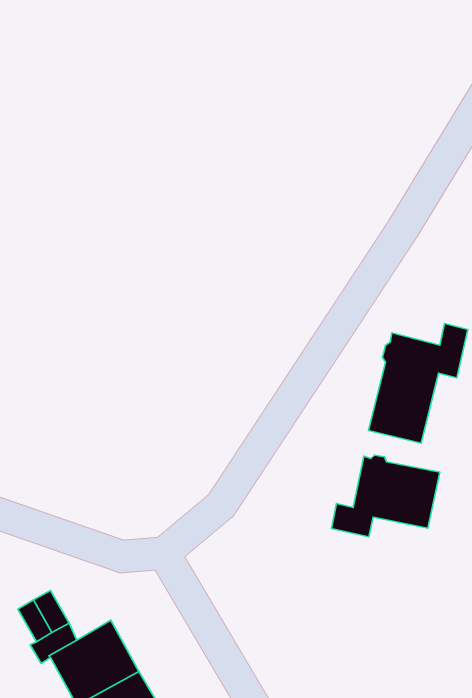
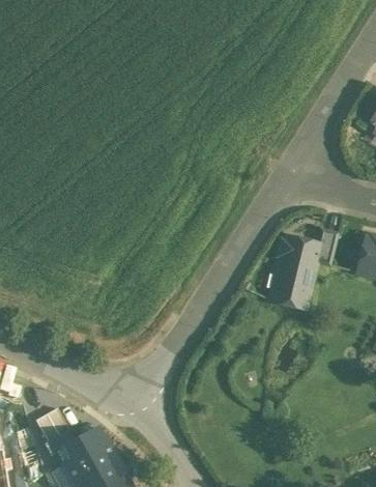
building: [332,455,440,537] -> none

